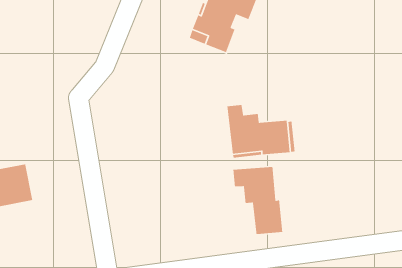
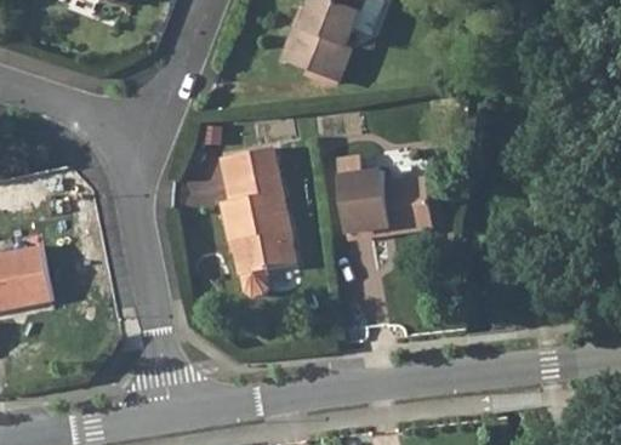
building: none -> [221,148,295,297]
building: [232,166,283,235] -> none

